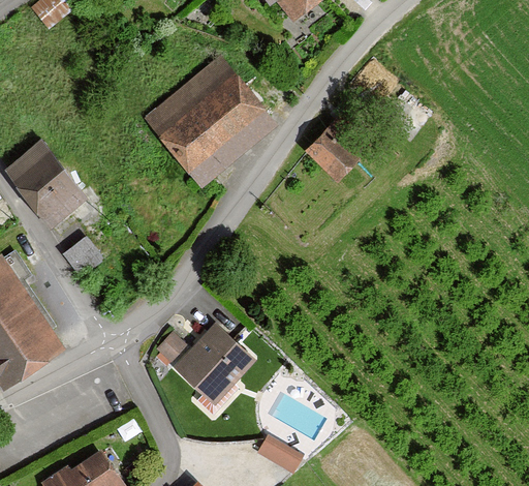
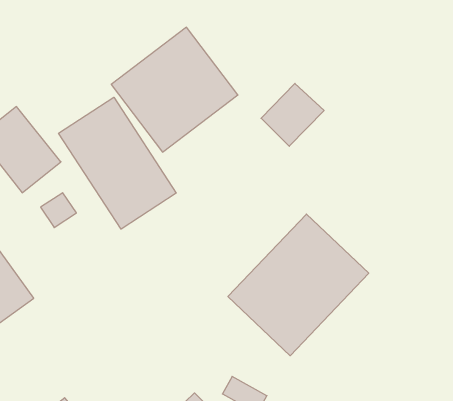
building: none -> [59,97,176,229]
building: none -> [228,214,369,356]
building: [157,323,255,406] -> none

